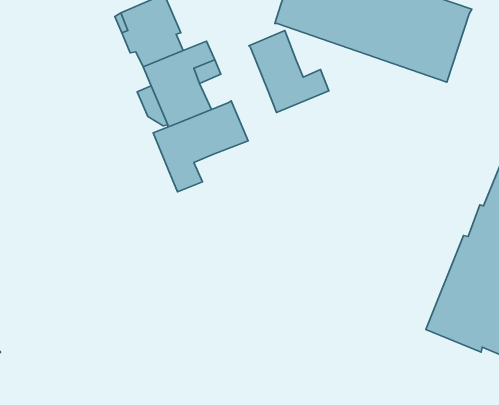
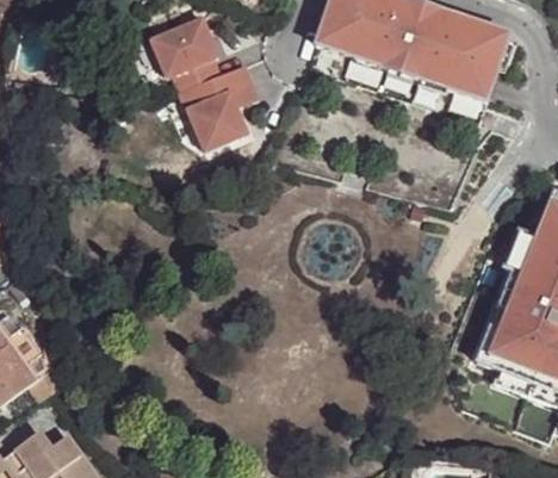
building: [249,31,329,113] -> none
building: [153,101,248,192] -> none

